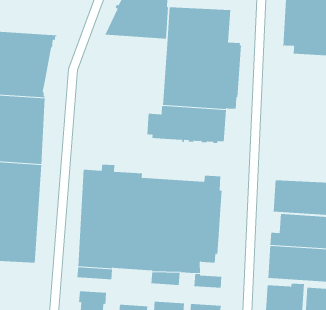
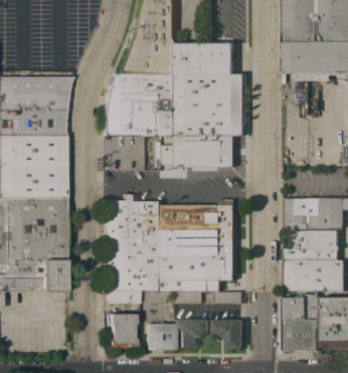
building: none -> [106,73,177,136]

